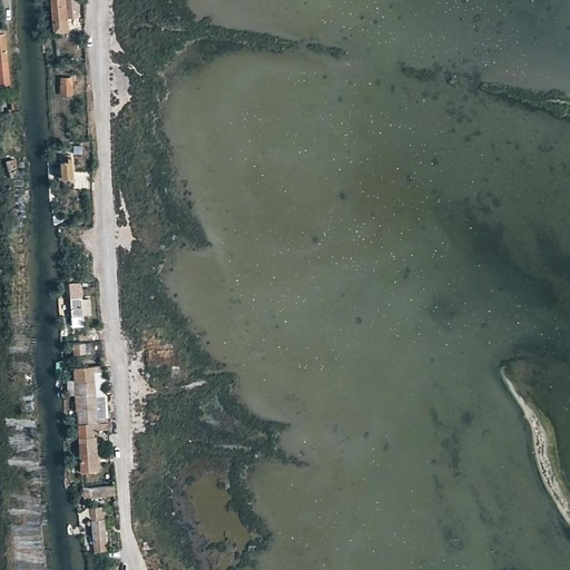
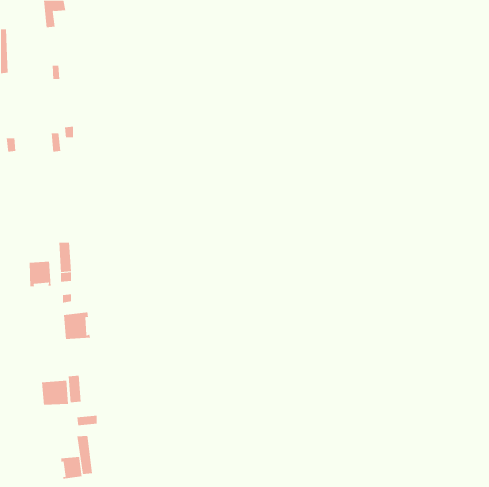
building: none -> [29,261,51,287]
building: [76,395,108,424] -> [41,380,69,405]
building: none -> [61,456,82,479]

